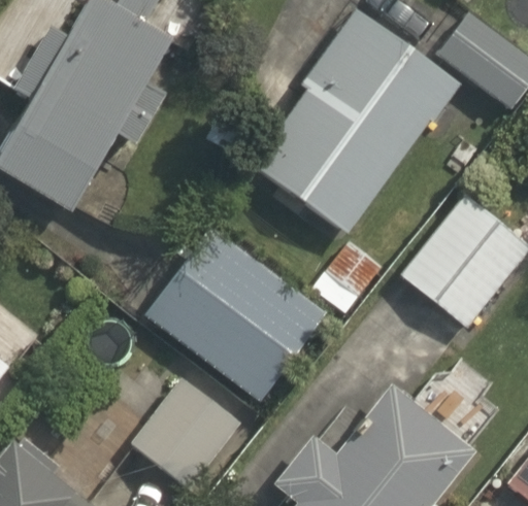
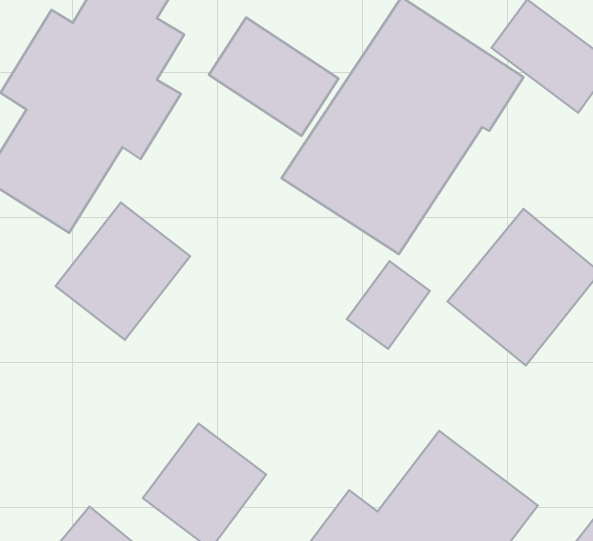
building: none -> [209,18,339,136]
building: none -> [55,202,190,340]
building: [142,226,328,405] -> none

